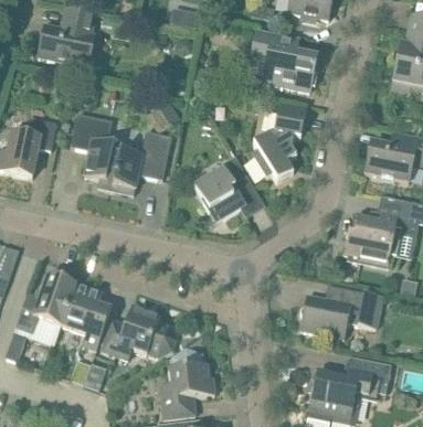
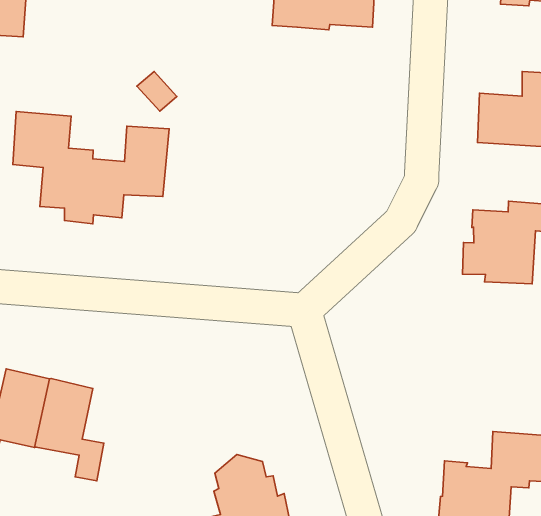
building: [253,100,307,181] -> none
building: [193,159,253,217] -> none
building: [300,286,382,338] -> none
building: [102,303,176,359] -> none

